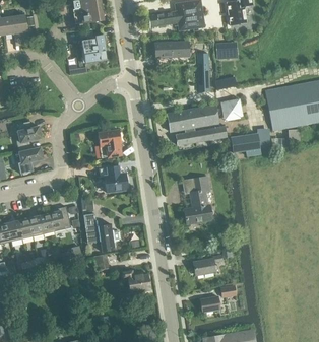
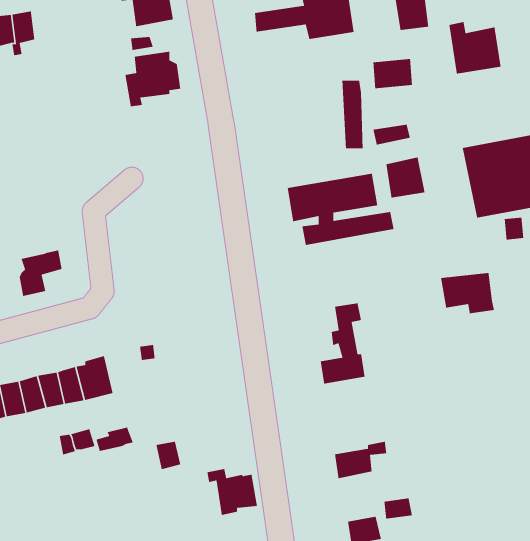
building: none -> [449,21,501,75]
building: [153,41,189,57] -> none
building: [16,121,41,152] -> none
building: [98,130,121,156] -> none
building: [230,133,260,156] -> [440,272,495,314]
building: [99,165,128,192] -> none
building: [84,213,120,251] -> none

